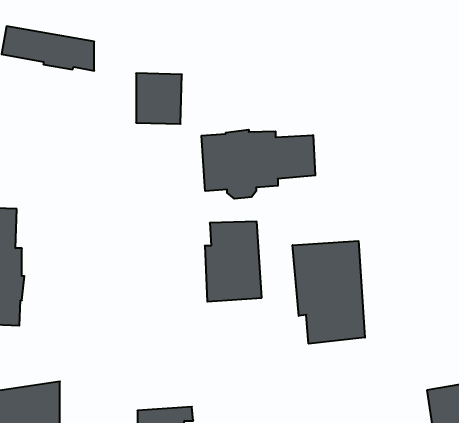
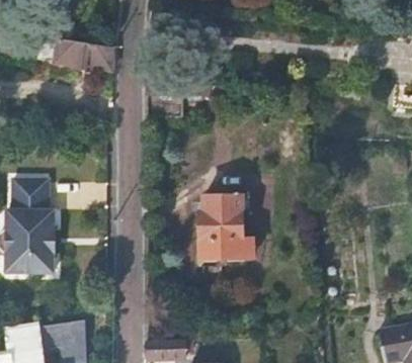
building: [202,130,315,199] -> none
building: [293,241,365,344] -> none

